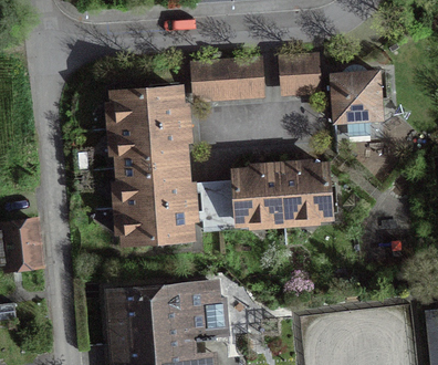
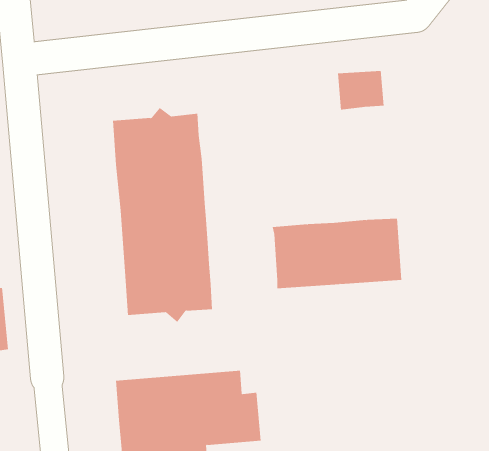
building: [195,60,262,92] -> none
building: [333,71,383,122] -> none
building: [201,179,238,230] -> none

